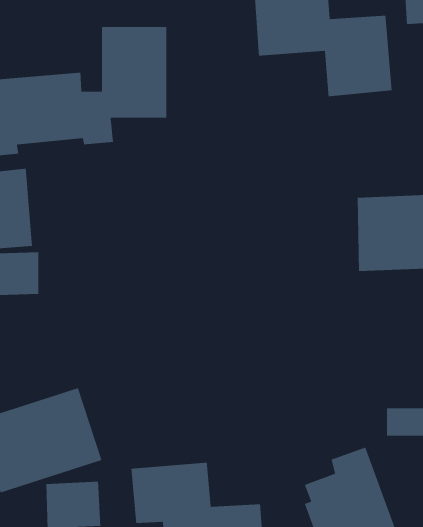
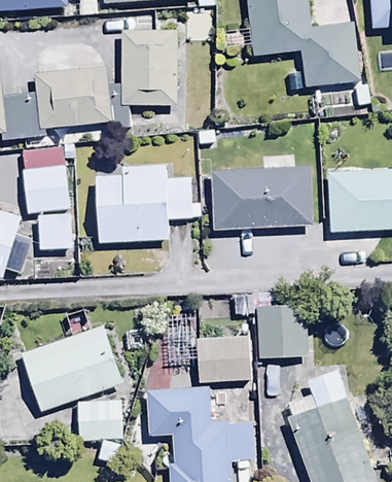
building: none -> [97,165,201,243]
building: none -> [210,166,313,229]
building: none -> [255,303,308,358]
building: none -> [197,337,252,381]

